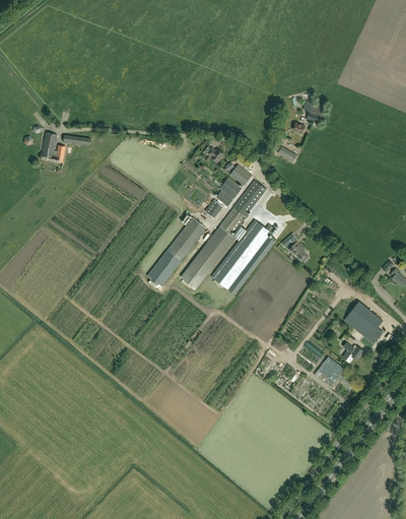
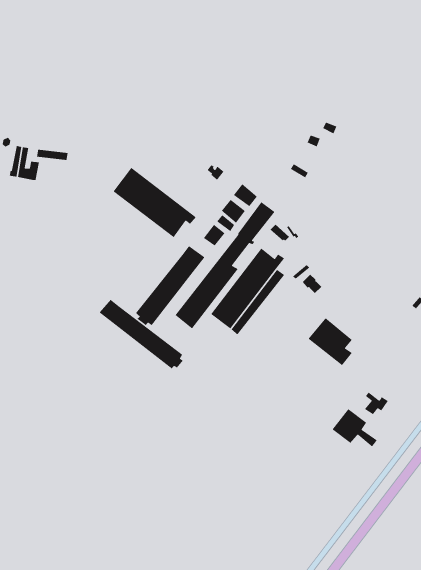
building: none -> [112,167,197,238]
building: none -> [99,299,184,369]
building: [343,301,382,342] -> [308,317,353,366]

